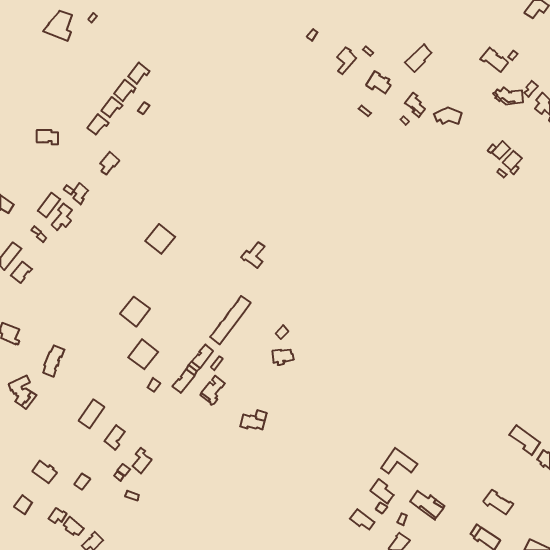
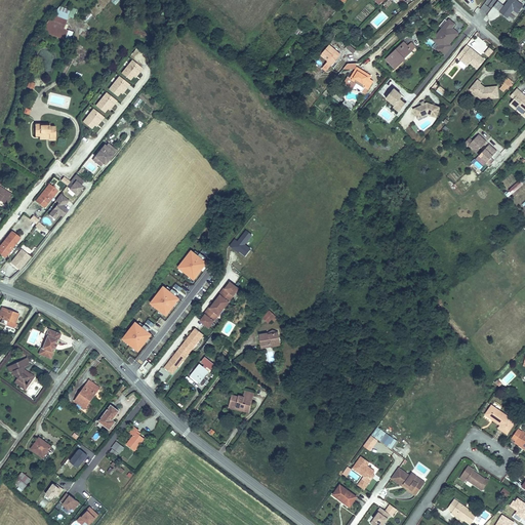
building: none -> [438,18,459,54]
building: [145,224,175,254] -> [178,251,207,280]
building: [120,297,150,327] -> [150,288,178,317]

